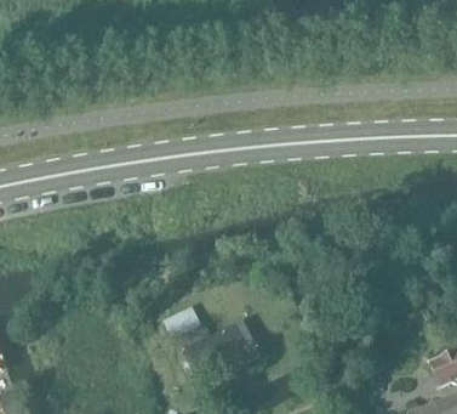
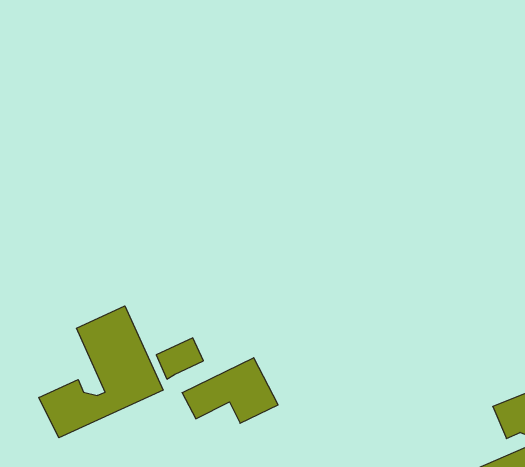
building: none -> [39,306,163,438]

